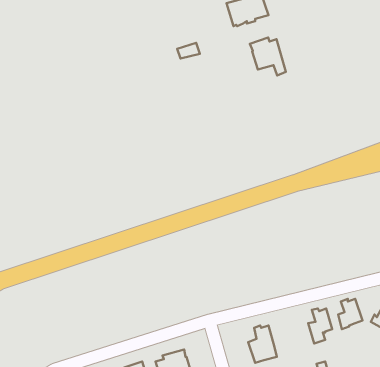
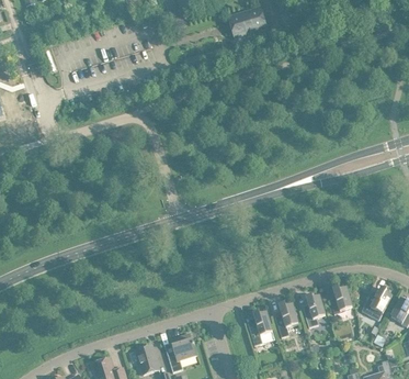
building: [250,38,286,75] -> none
building: none -> [274,303,297,337]

